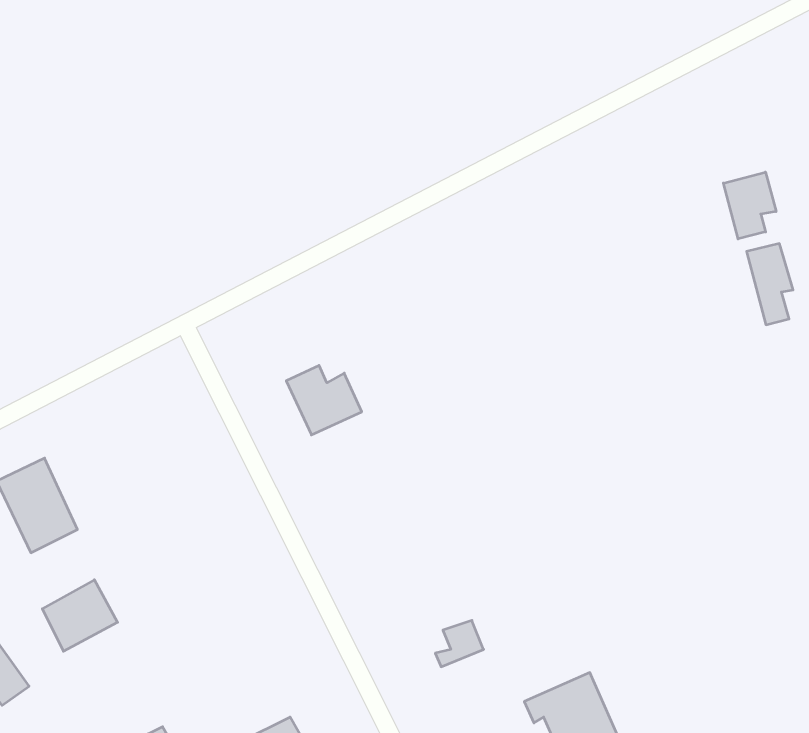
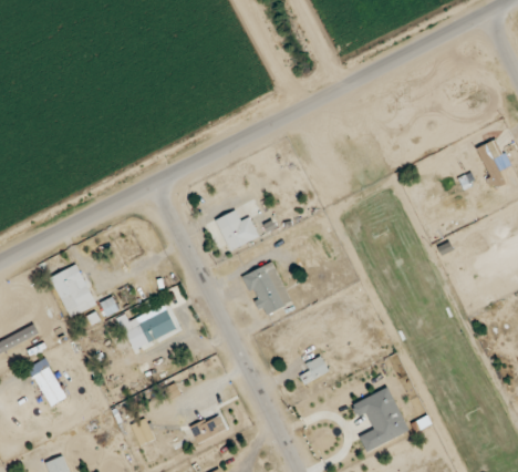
building: [723,172,776,239] -> none
building: none -> [245,263,290,317]
building: [42,580,118,651] -> [133,304,176,345]

